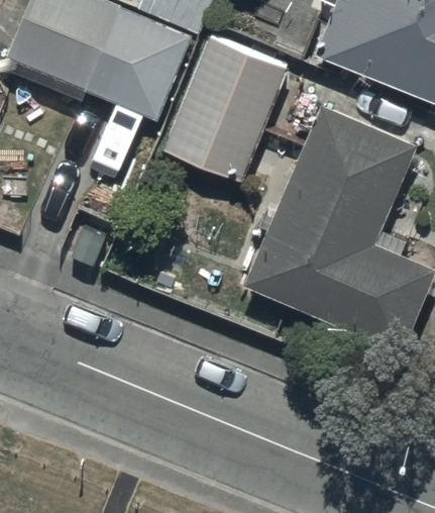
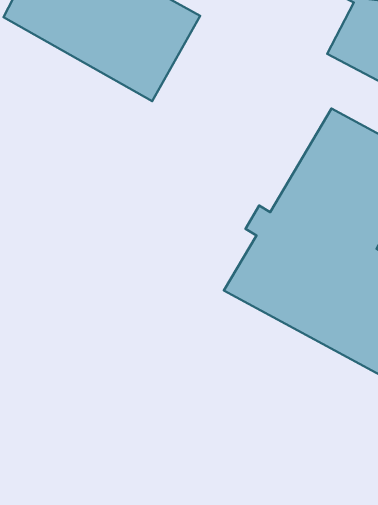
building: [161,37,287,182] -> none

